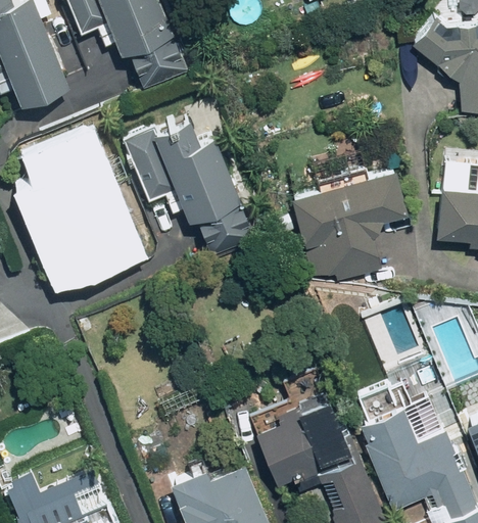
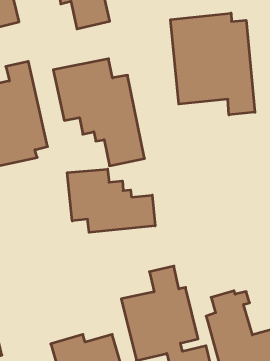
building: none -> [171,13,255,115]
building: [293,173,407,283] -> none
building: none -> [67,169,155,232]

